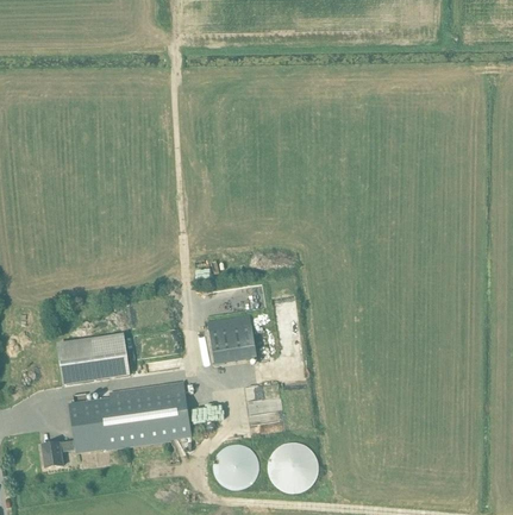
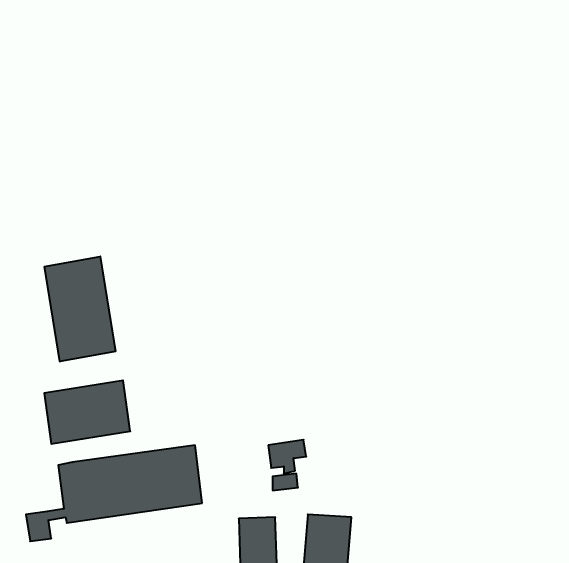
building: none -> [45,256,115,362]
building: [207,324,256,364] -> none

